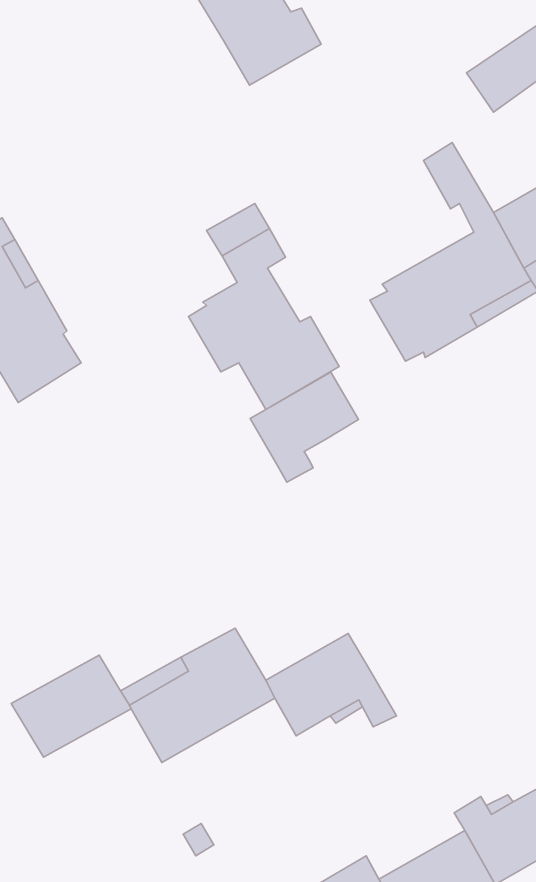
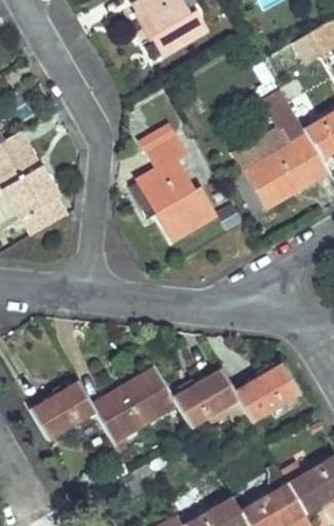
building: [250,372,359,482] -> none
building: none -> [233,363,300,421]

